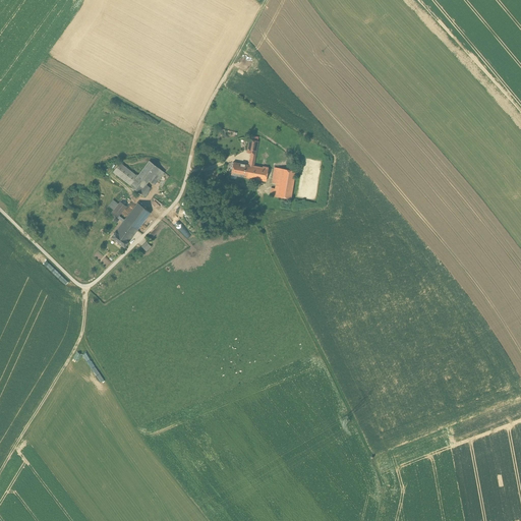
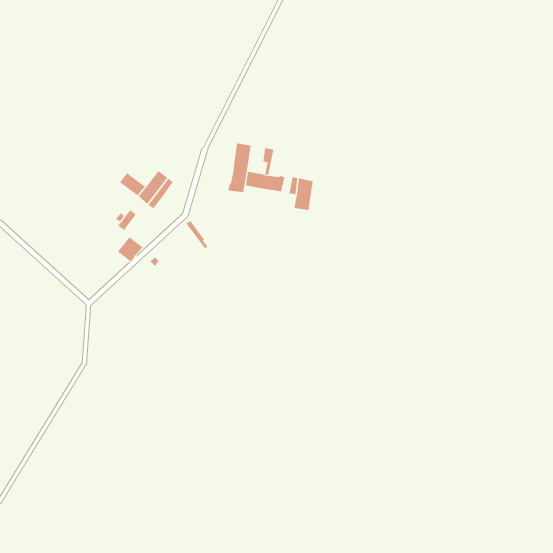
building: none -> [228,142,251,193]
building: [121,201,150,232] -> none

